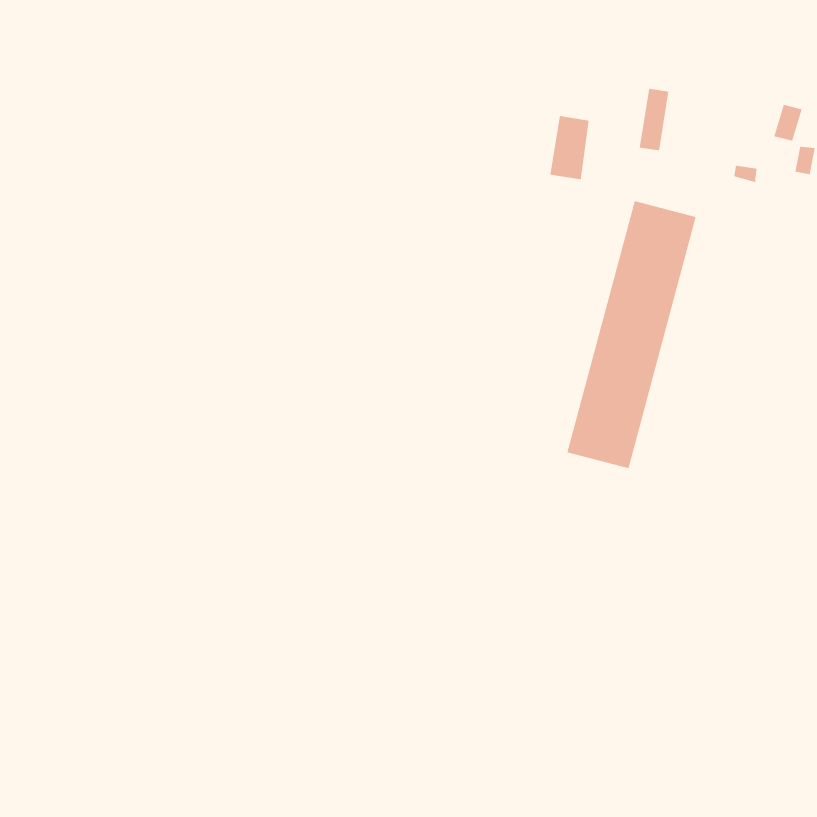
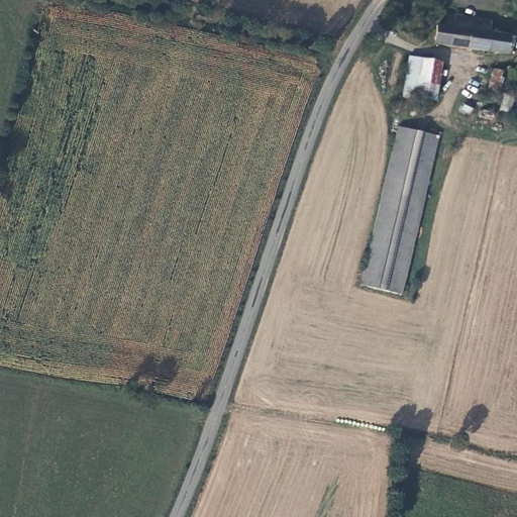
building: none -> [433,11,510,53]
building: [549,116,590,180] -> [417,58,442,98]

